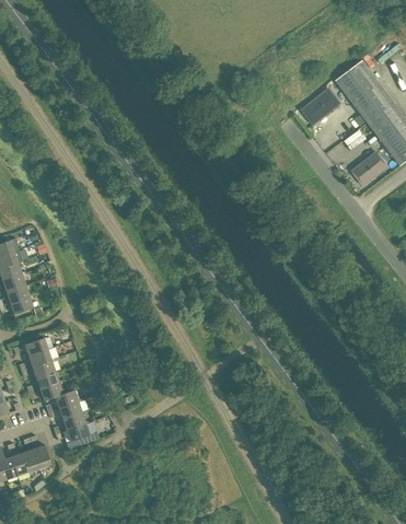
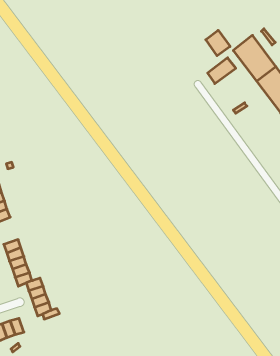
building: none -> [206,30,230,56]
building: [349,151,387,187] -> none

